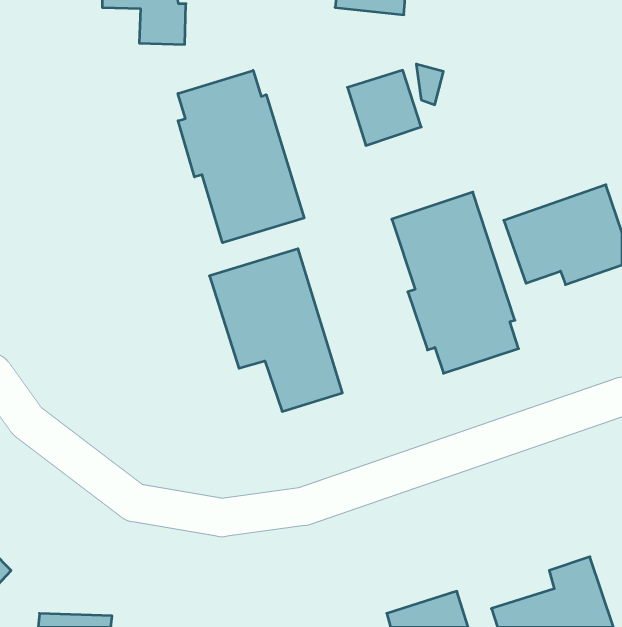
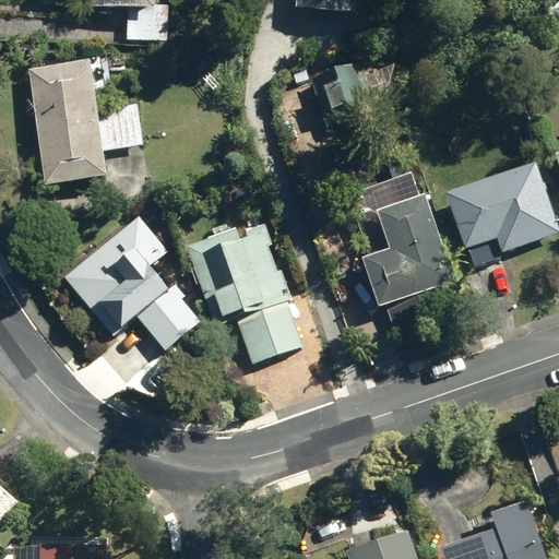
building: none -> [26,58,140,187]
building: [178,70,304,243] -> none
building: none -> [61,213,200,352]

